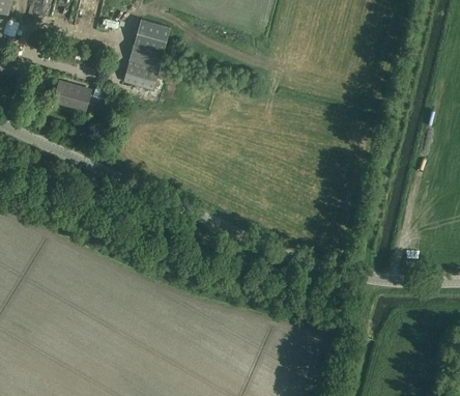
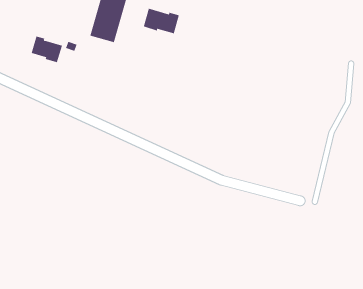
building: none -> [143,8,179,34]

